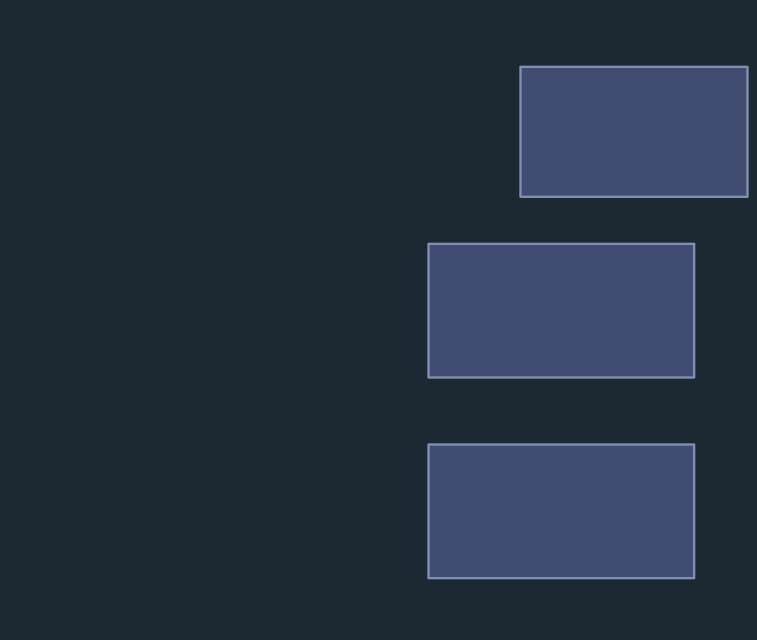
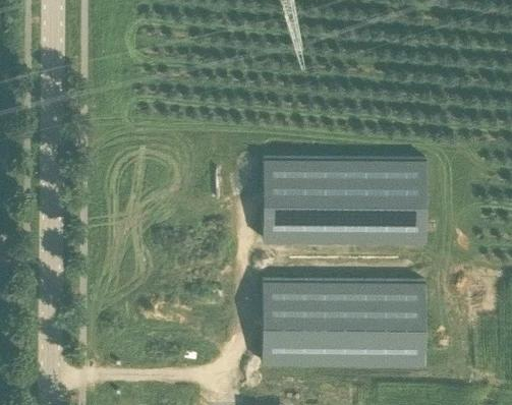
building: [520,67,747,197] -> none

